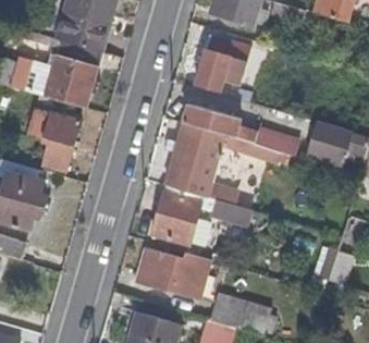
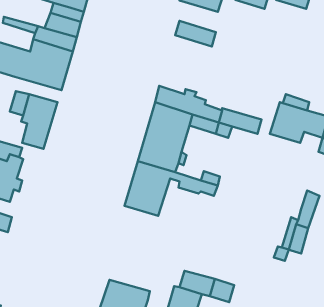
building: [195,50,245,91] -> none
building: [135,247,218,303] -> none

